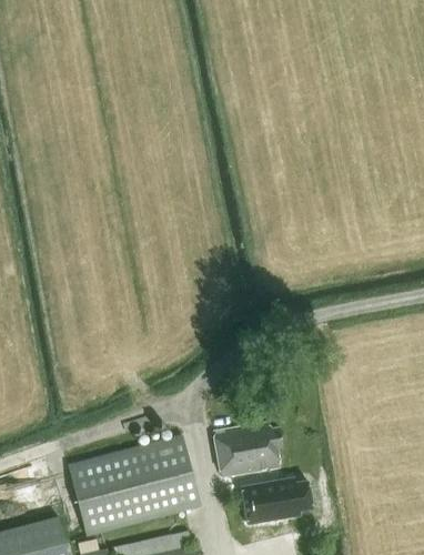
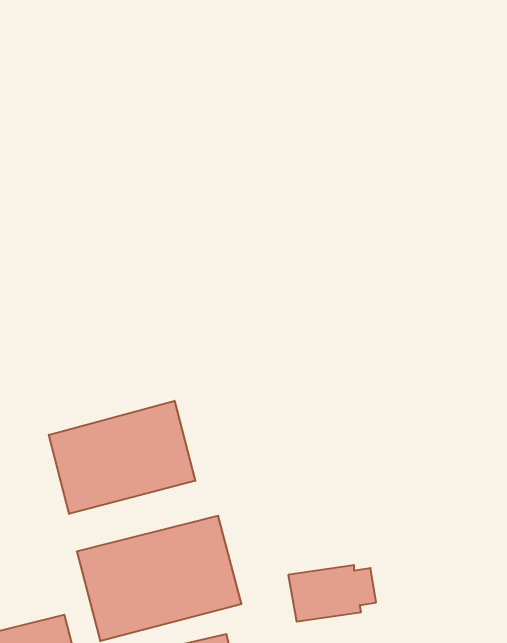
building: none -> [49,401,195,514]
building: [214,425,283,477] -> none

